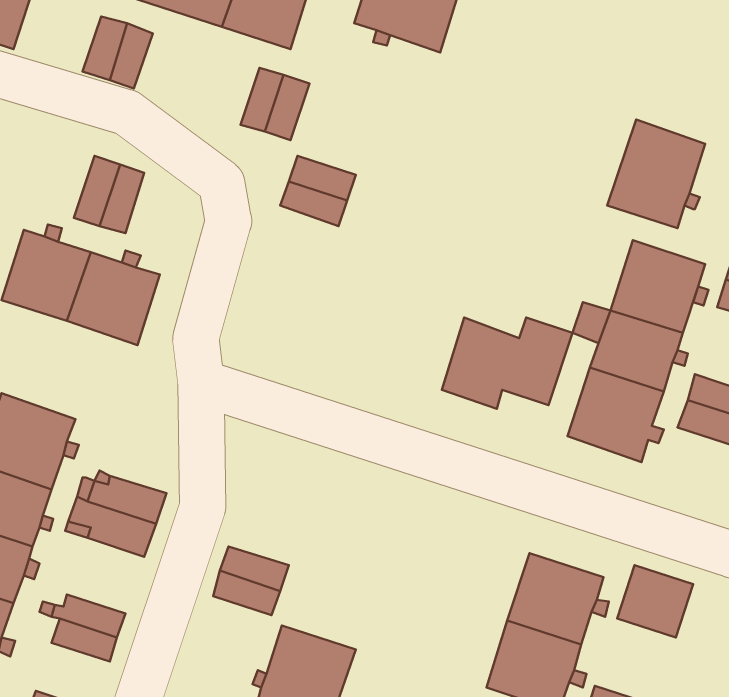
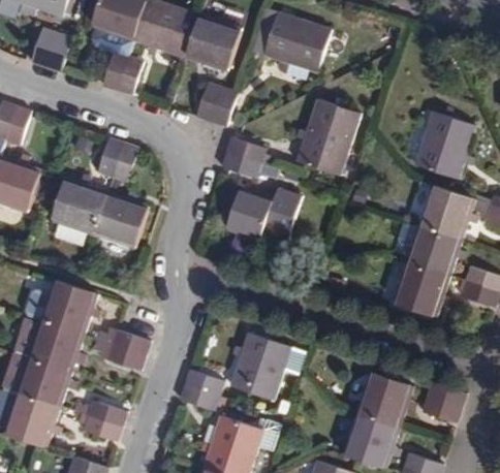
building: none -> [290,97,350,168]
building: [442,317,573,409] -> [227,185,306,240]
building: none -> [232,333,307,399]

